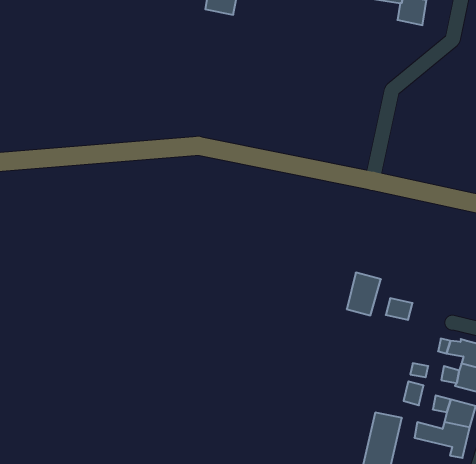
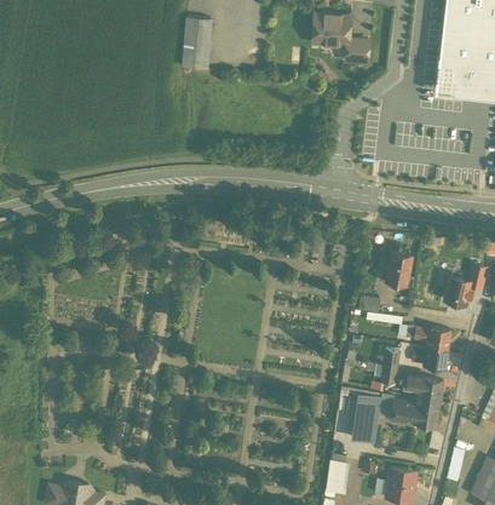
building: [347,273,381,315] -> [385,253,411,288]

